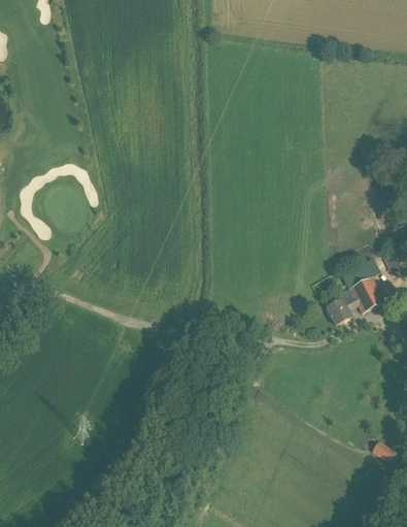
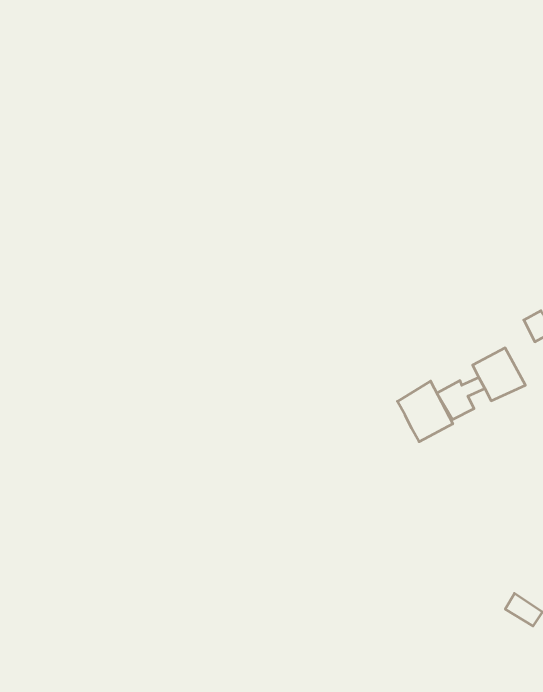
building: none -> [397,381,453,442]

